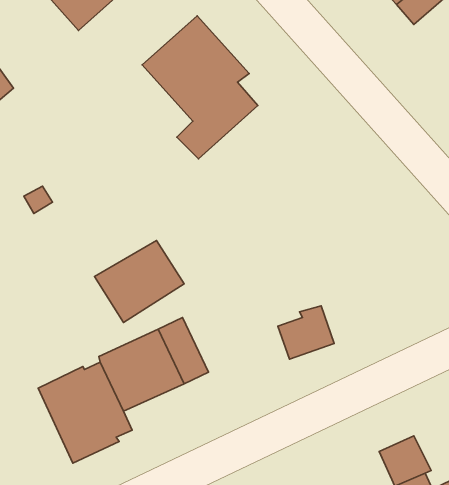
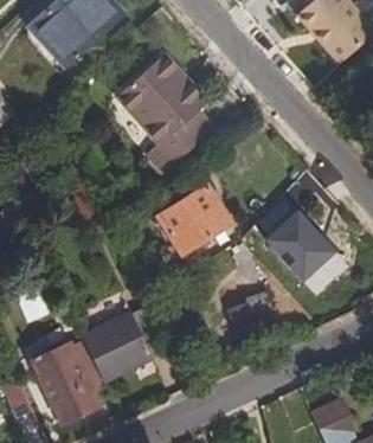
building: none -> [247,197,333,282]
building: [95,240,184,323] -> [157,185,231,252]

